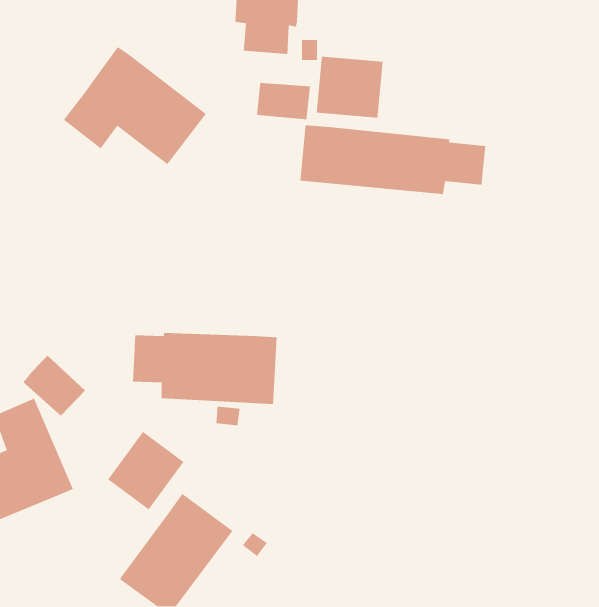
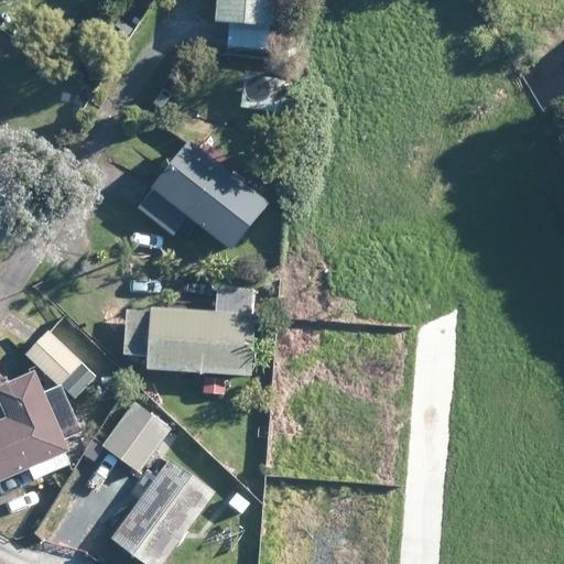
building: [63,46,207,165] -> [137,139,270,249]
building: [316,56,383,119] -> none
building: [299,124,486,195] -> none

